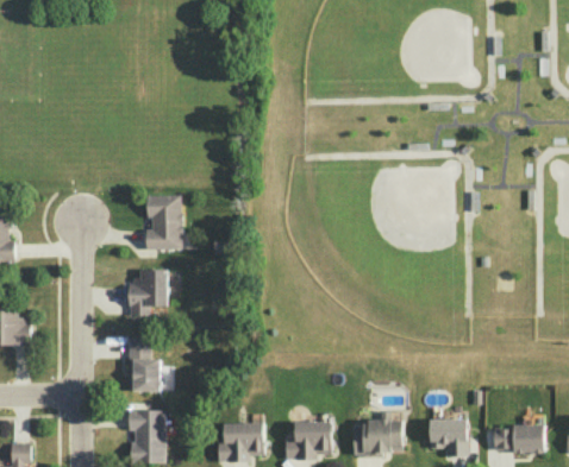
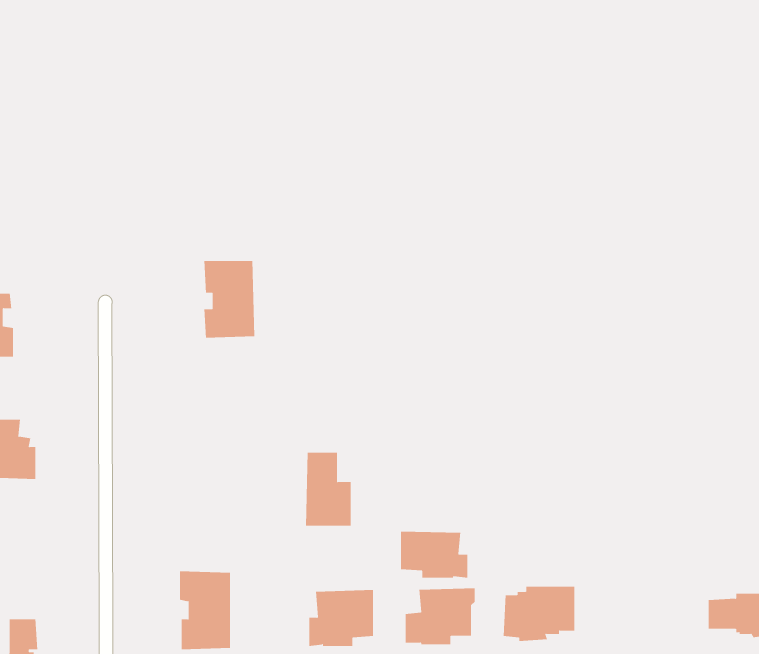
building: [129,269,168,316] -> none
building: [127,339,160,390] -> [305,452,352,526]
building: none -> [400,531,468,578]
building: [429,418,468,456] -> none

